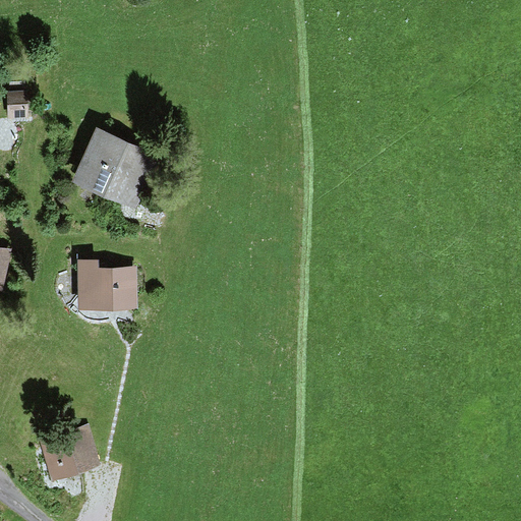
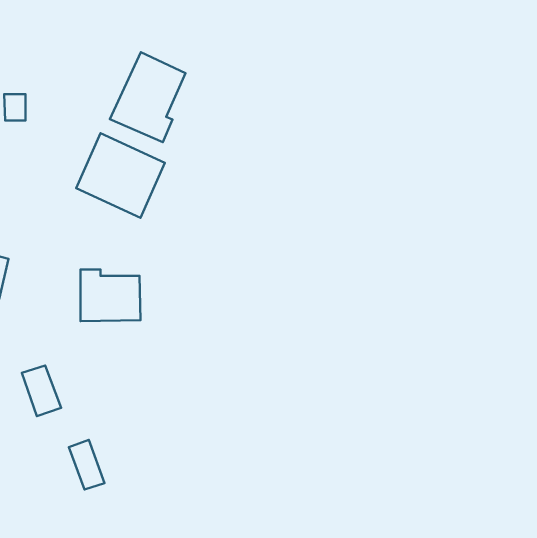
building: none -> [110,52,185,142]
building: [44,432,81,481] -> [22,366,61,416]

